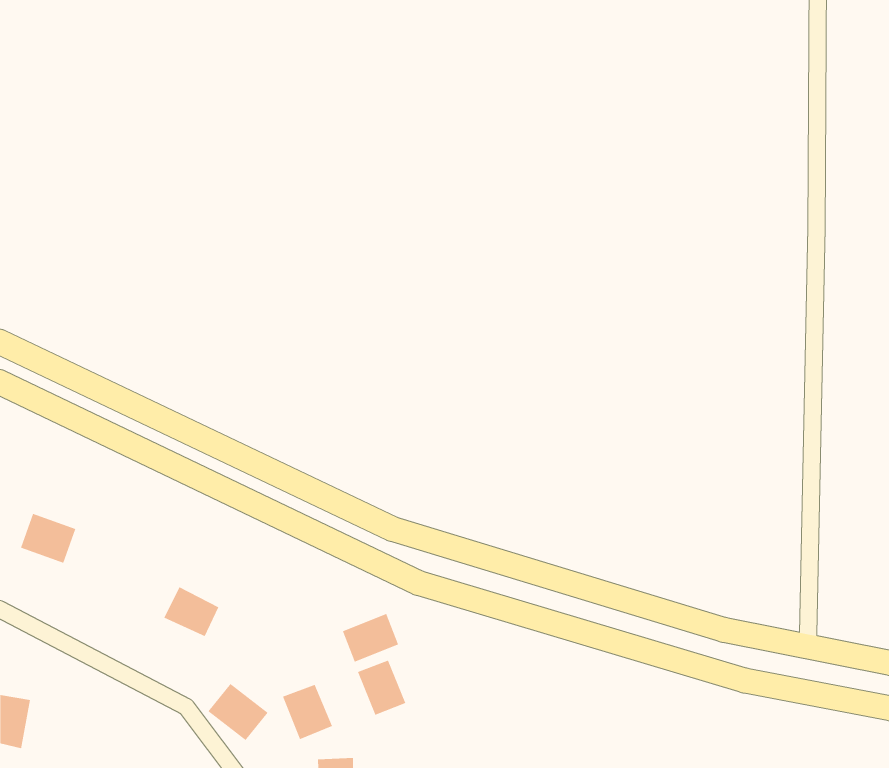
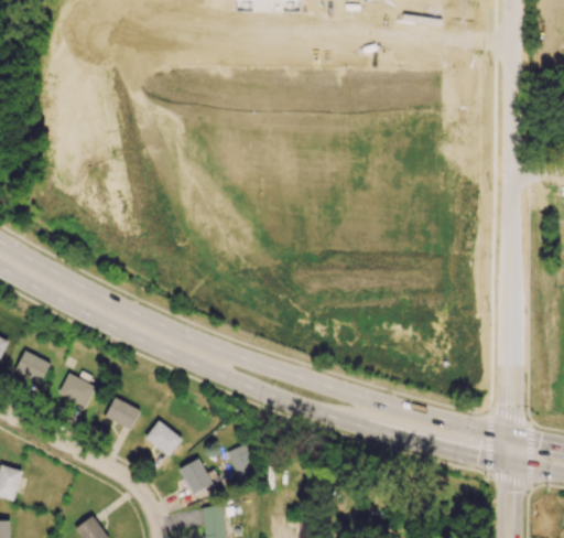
building: none -> [58,373,96,408]
building: [342,613,399,663] -> none
building: [208,683,269,741] -> [144,420,183,456]

